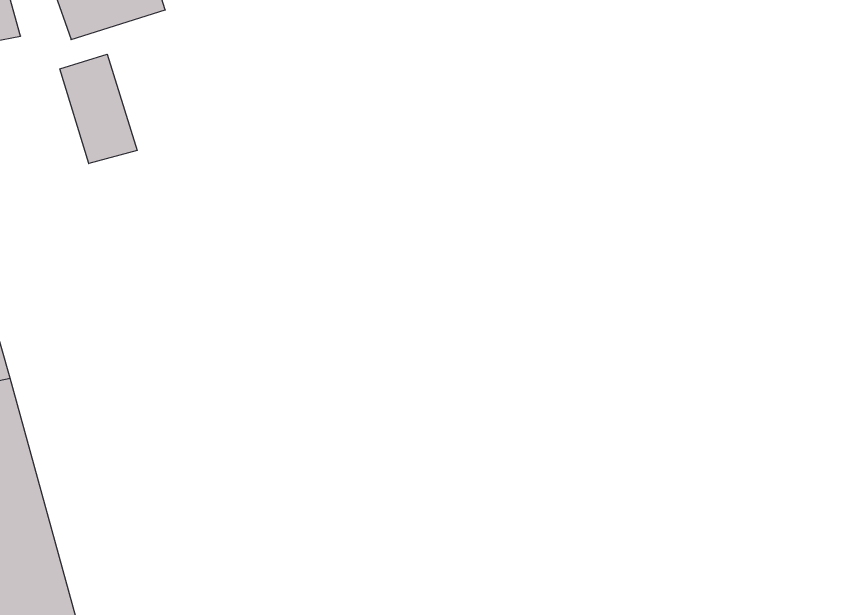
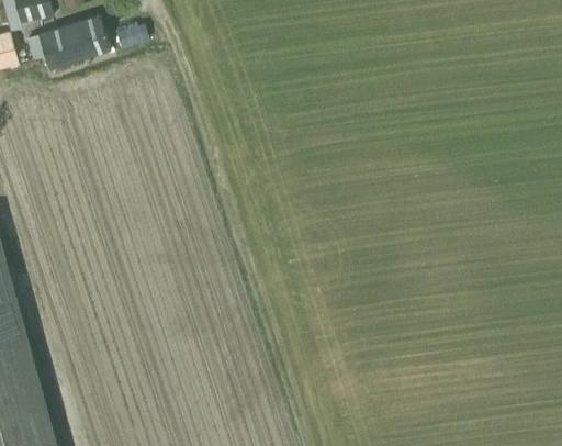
building: [60,54,137,164] -> none

